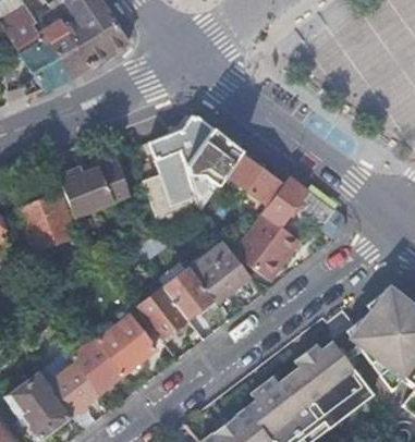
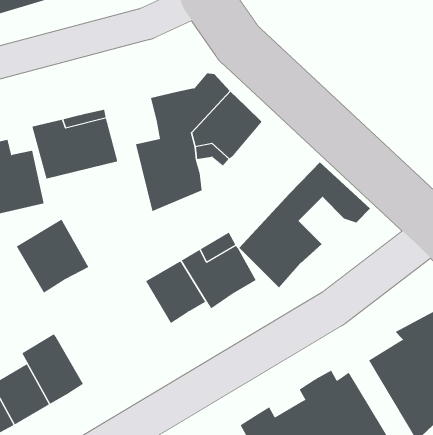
building: [222,154,284,205] -> none
building: [138,287,187,339] -> none
building: [98,314,158,375] -> [16,219,89,293]

